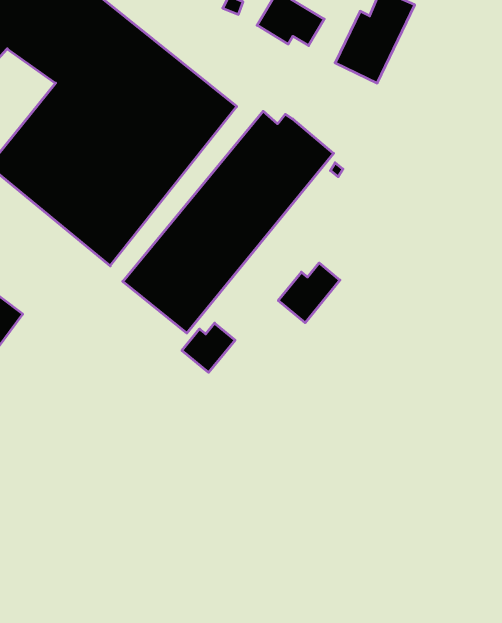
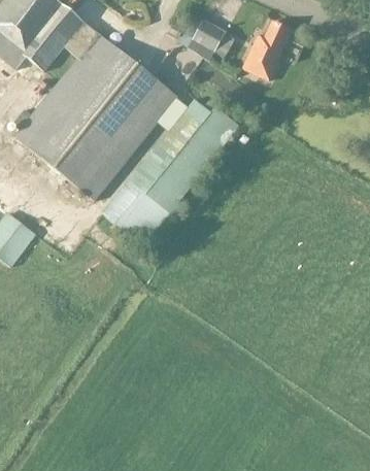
building: [278,263,340,323] -> none
building: [182,323,235,372] -> none

